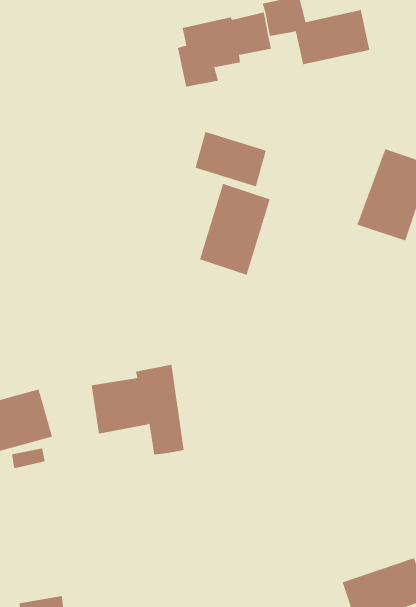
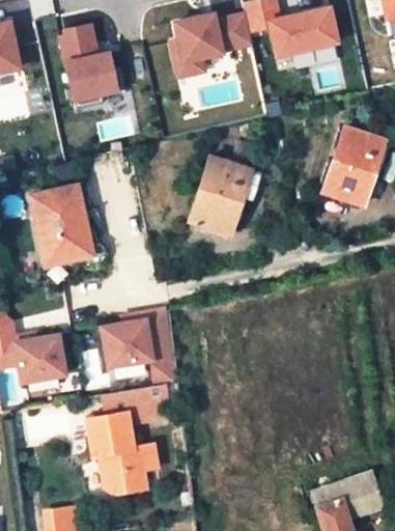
building: none -> [60,26,117,102]
building: [195,131,267,187] -> none
building: none -> [29,186,94,268]
building: none -> [85,384,172,497]

